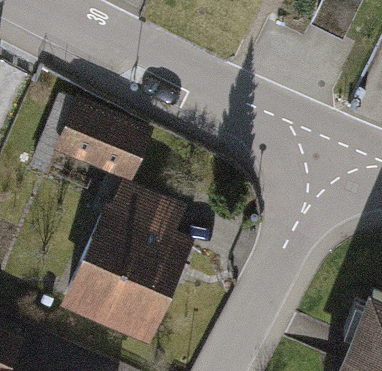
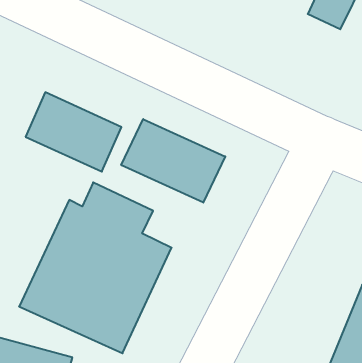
building: none -> [121,119,225,203]

